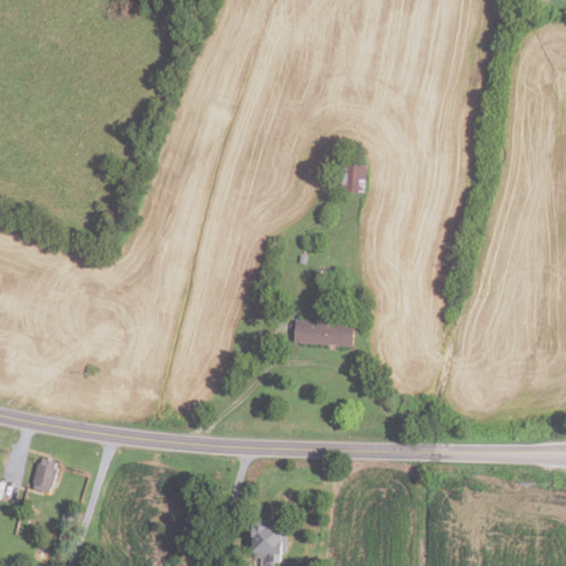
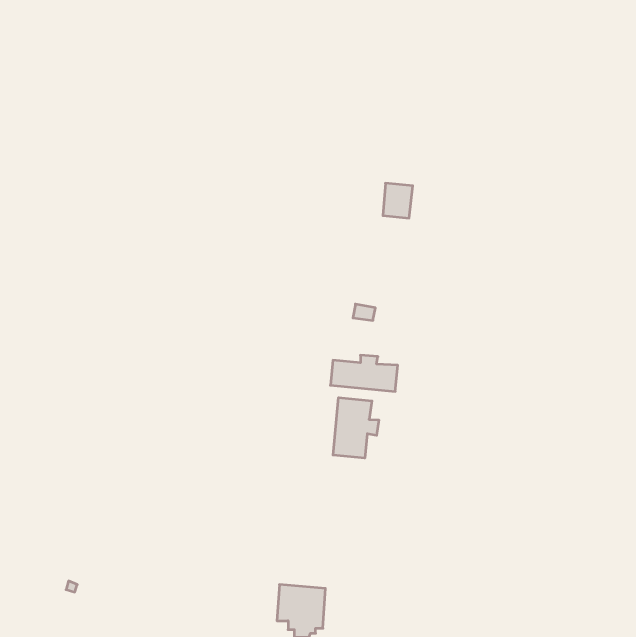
building: none -> [333,398,379,458]
building: [31,458,56,492] -> none

